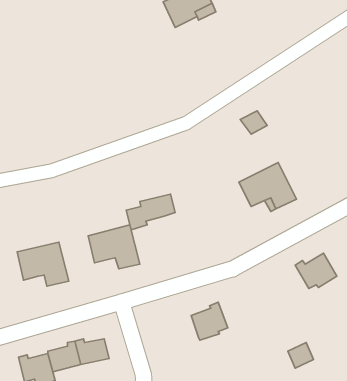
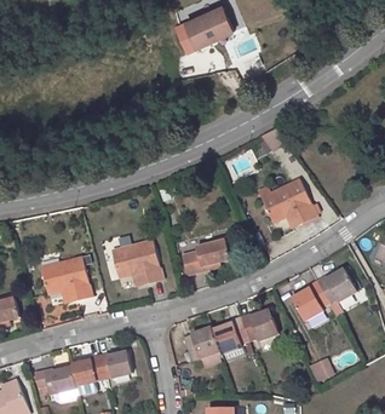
building: [126,194,175,230] -> [182,240,230,275]
building: none -> [291,280,329,321]
building: none -> [240,309,278,341]
building: none -> [183,327,220,361]

